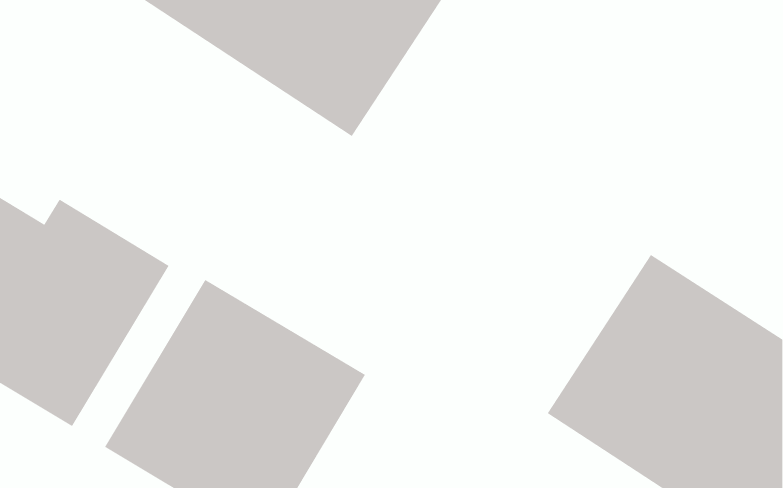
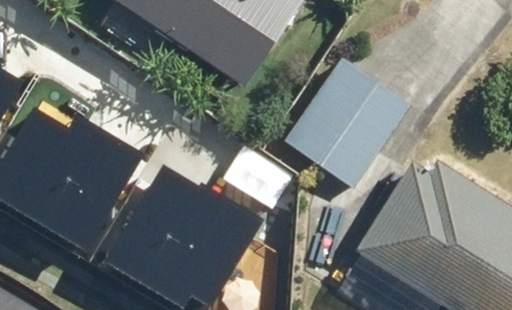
building: none -> [285,60,401,183]

